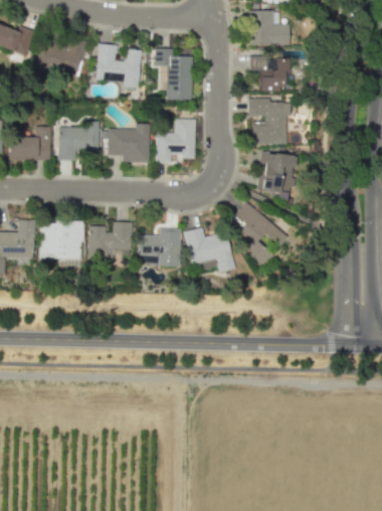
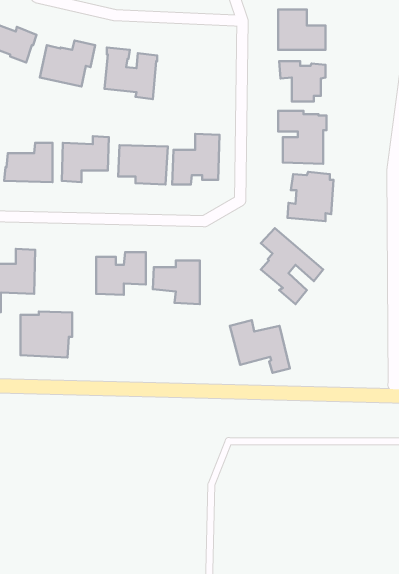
building: [156,48,194,100] -> none
building: [40,220,85,261] -> [20,311,72,357]
building: [183,227,235,274] -> [230,320,290,373]

